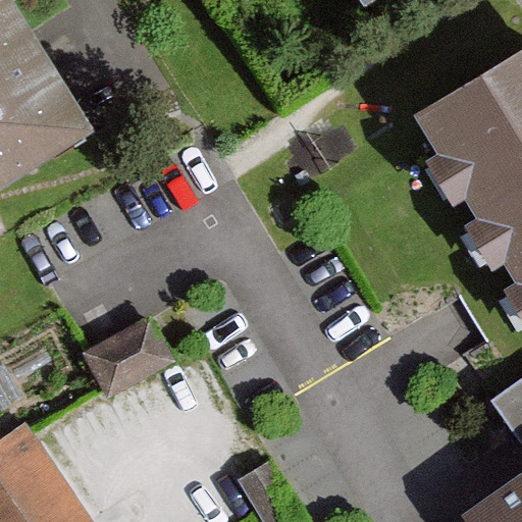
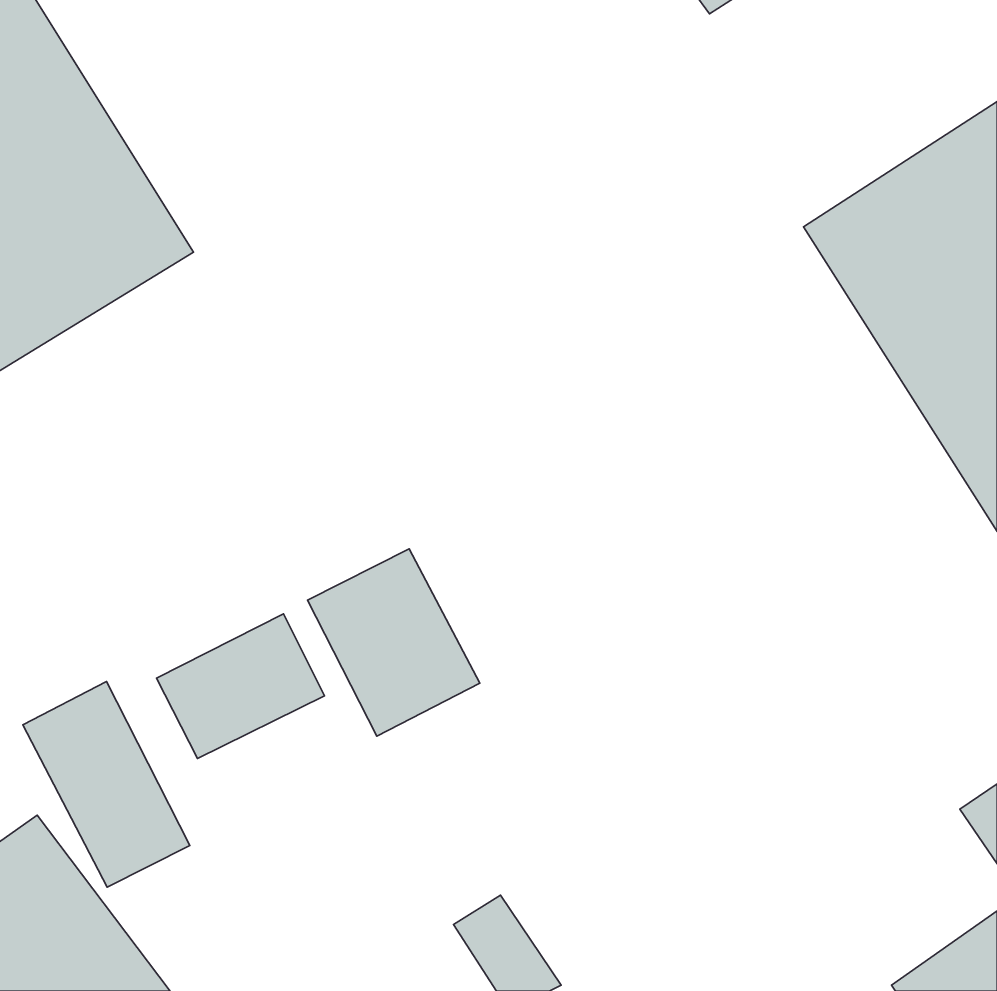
building: none -> [308,549,480,736]
building: none -> [23,681,190,887]

